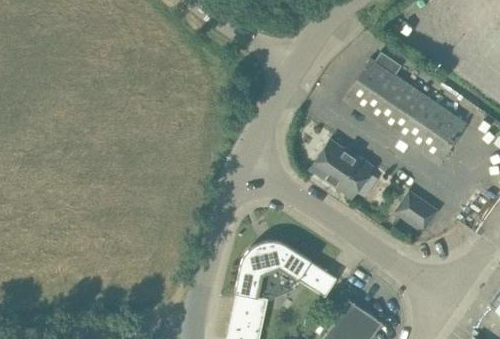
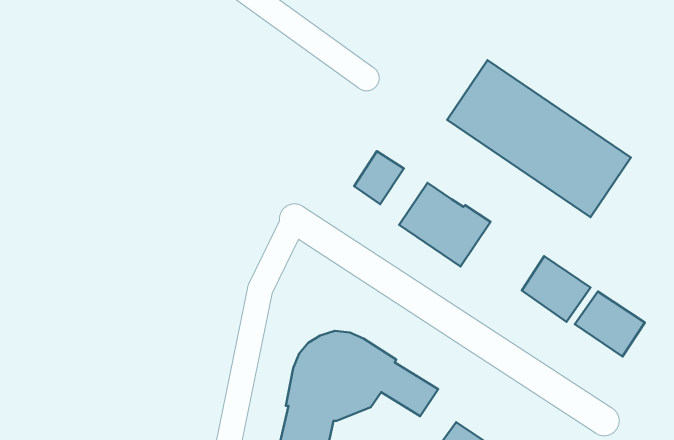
building: none -> [354,151,404,204]
building: none -> [575,292,645,356]

